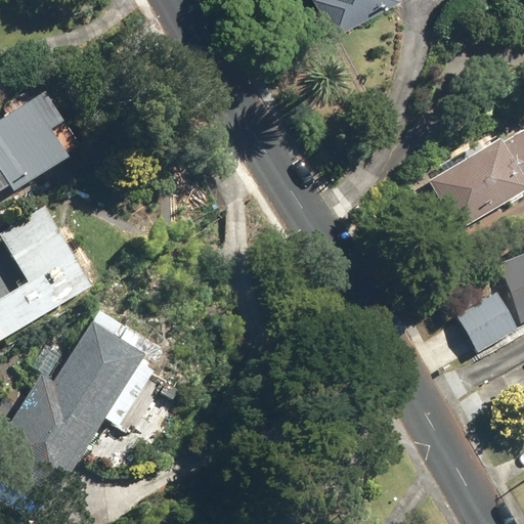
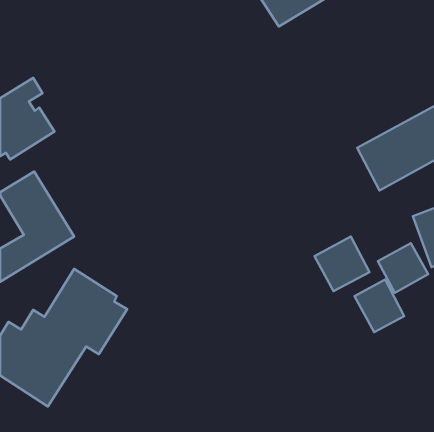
building: none -> [314,237,369,291]
building: none -> [355,279,404,332]

